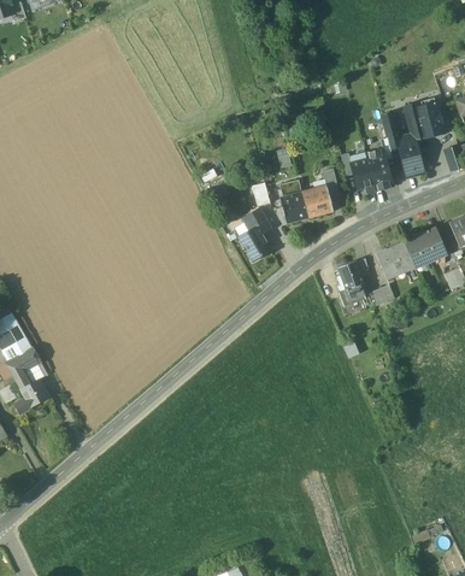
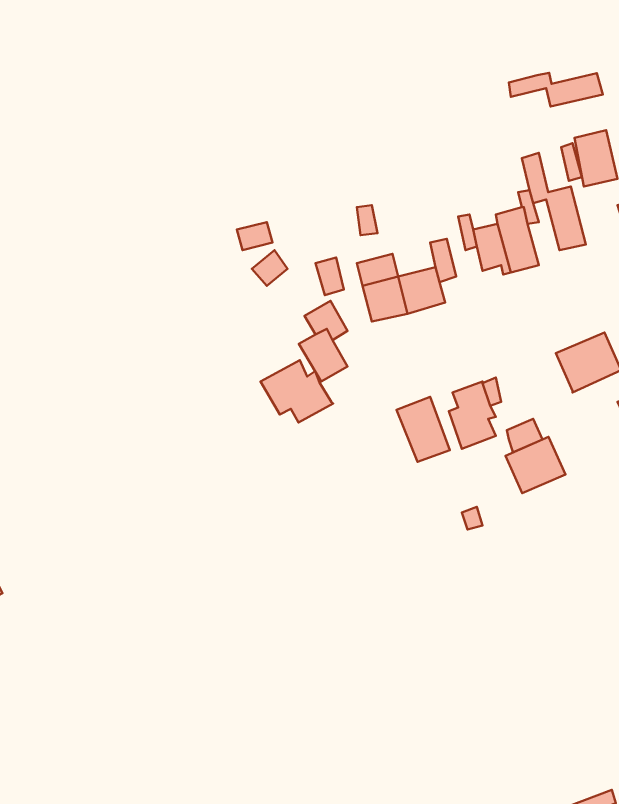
building: none -> [509,73,603,106]
building: [376,242,414,278] -> [505,437,565,493]
building: none -> [261,360,333,422]
building: none -> [396,397,450,462]

